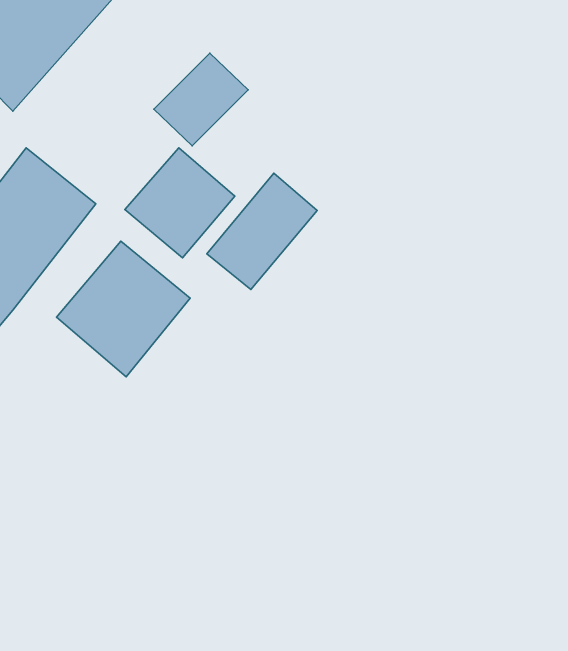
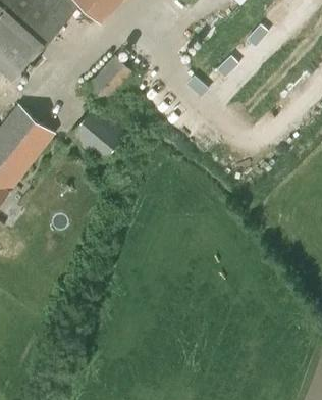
building: [207,173,317,289] -> none
building: [57,241,190,377] -> none

